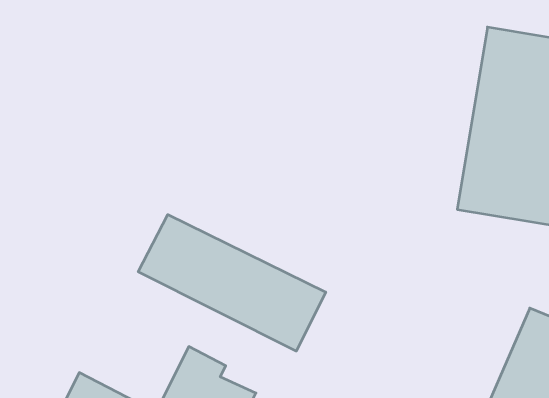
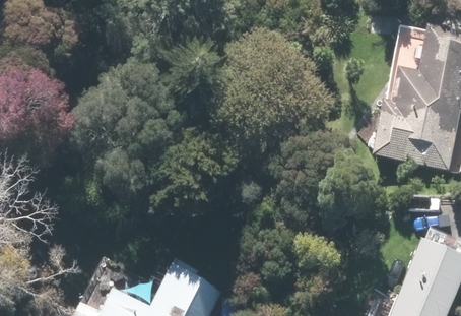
building: [138,215,326,351] -> none

